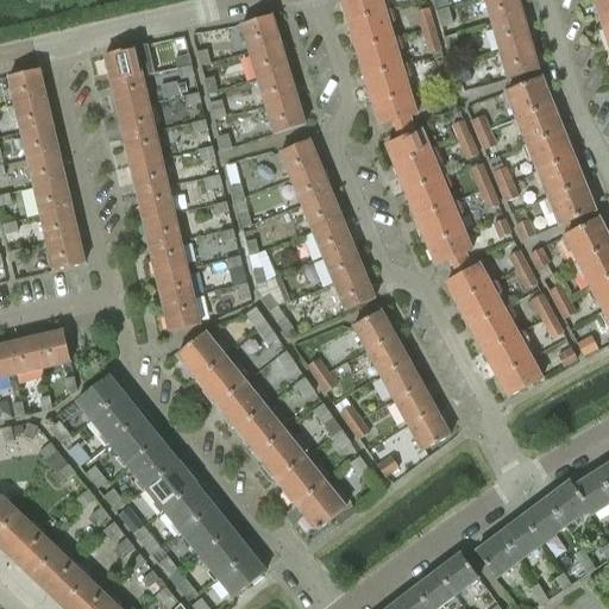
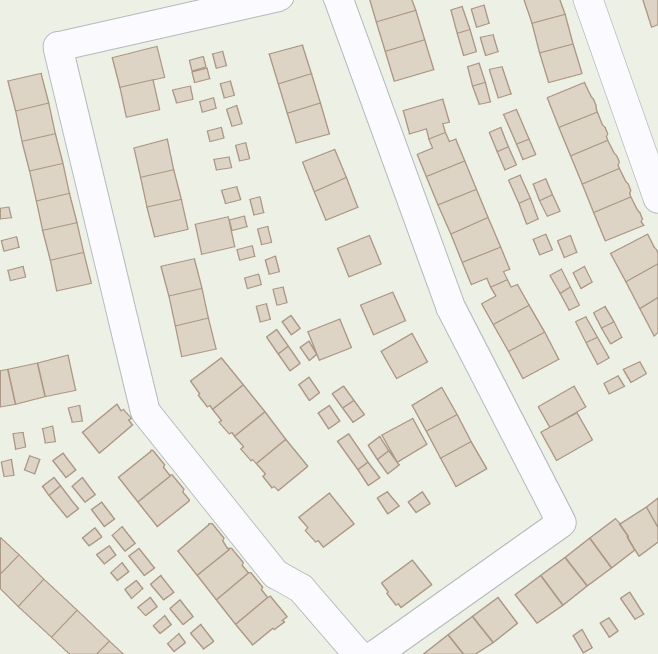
building: [240,13,280,50] -> none
building: [364,64,409,102] -> none
building: [117,101,155,137] -> none
building: [301,192,341,230] -> none
building: [143,212,180,246] -> [195,217,235,254]
building: [322,244,363,282] -> [308,319,351,360]
building: [483,332,530,376] -> [541,413,592,460]
building: [366,334,408,375] -> [382,418,427,462]
building: [92,393,139,441] -> none
building: [257,431,304,478] -> none
building: [145,462,193,509] -> none
building: [299,484,345,528] -> [382,560,432,608]

